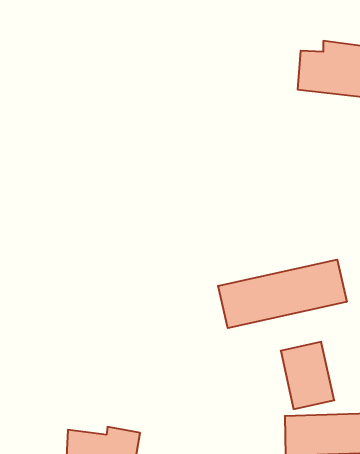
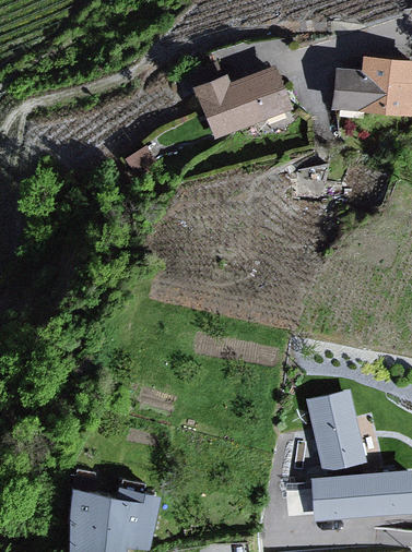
building: none -> [192,69,292,142]
building: [218,260,347,328] -> none

